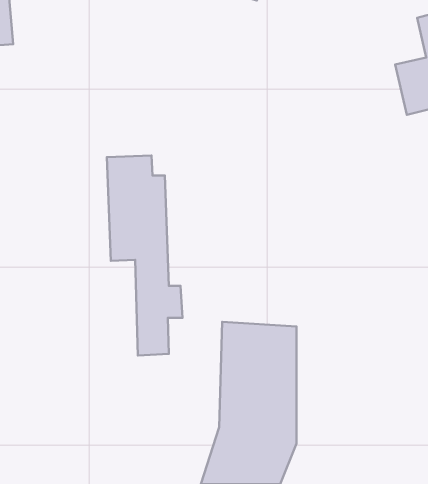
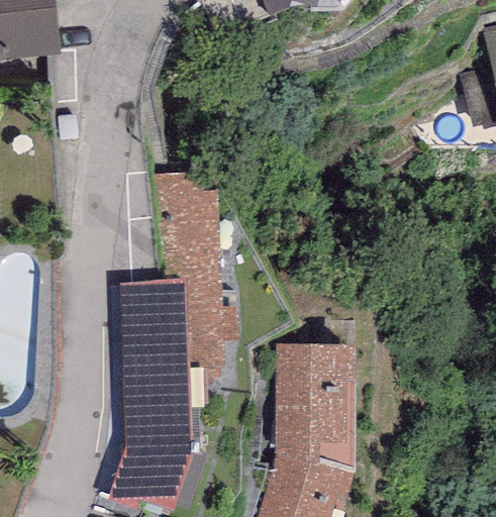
building: none -> [108,282,192,503]

